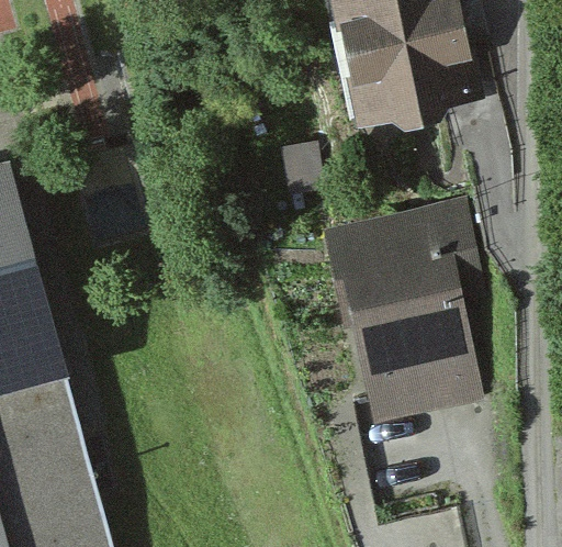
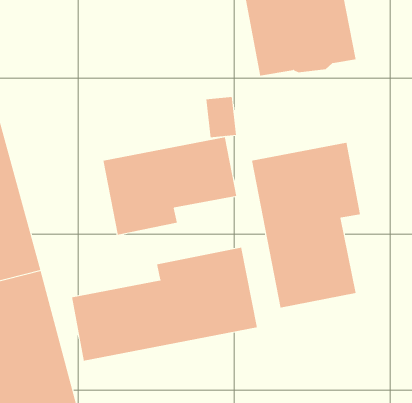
building: none -> [103,136,237,235]
building: none -> [71,247,257,362]

